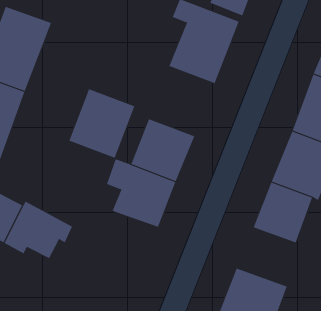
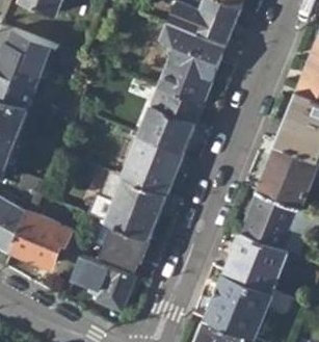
building: [68,88,135,159] -> [140,85,203,151]
building: none -> [103,223,150,265]
building: none -> [222,236,284,290]
building: none -> [71,254,135,309]

